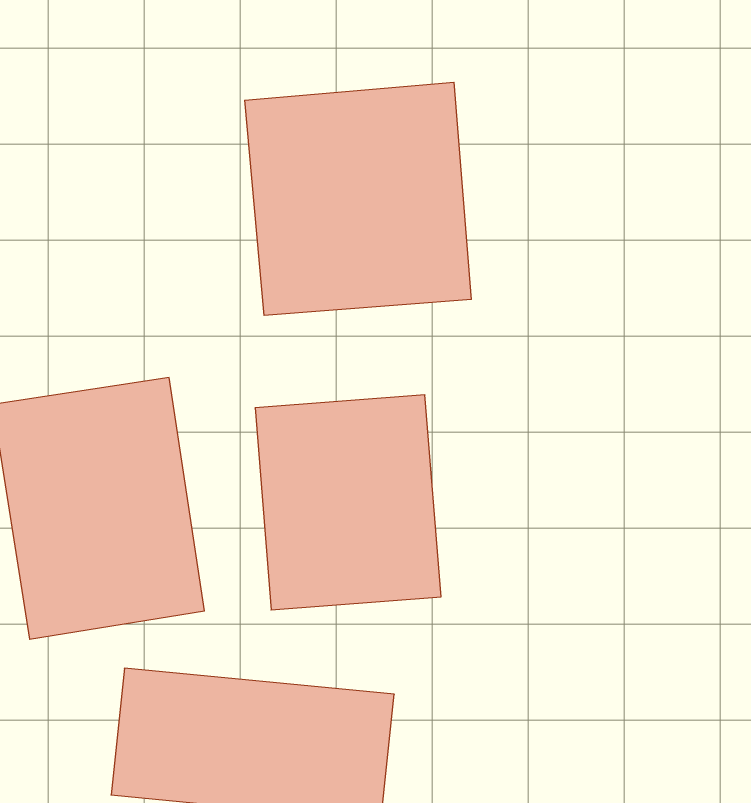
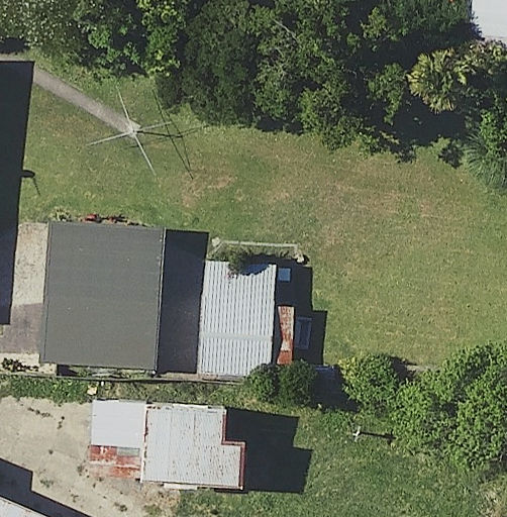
building: [245,82,471,315] -> none

